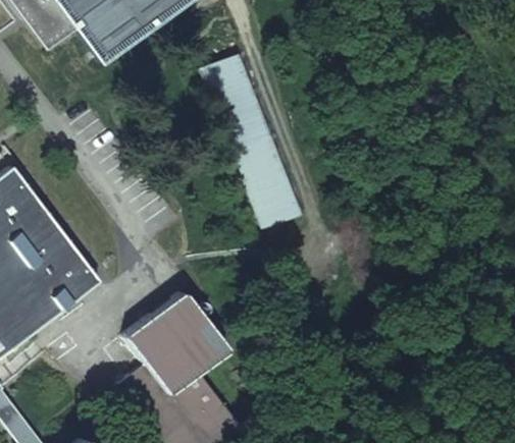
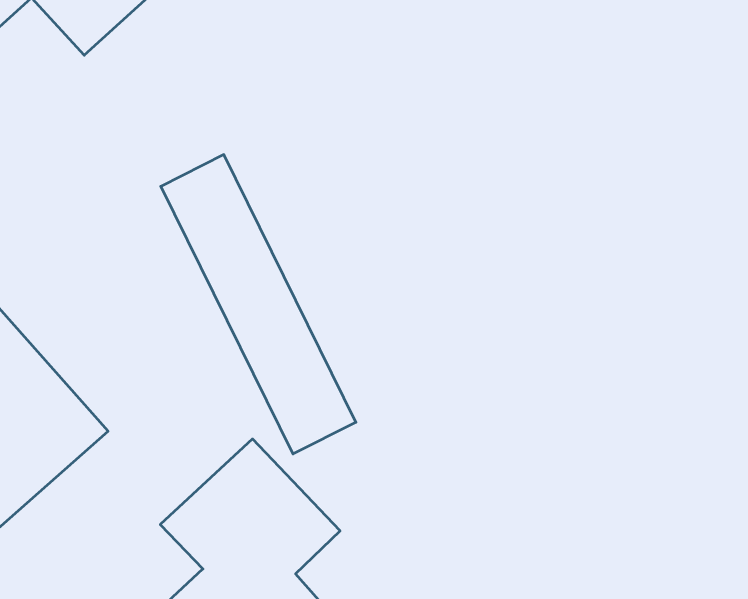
building: [202,52,303,227] -> [161,155,356,454]

